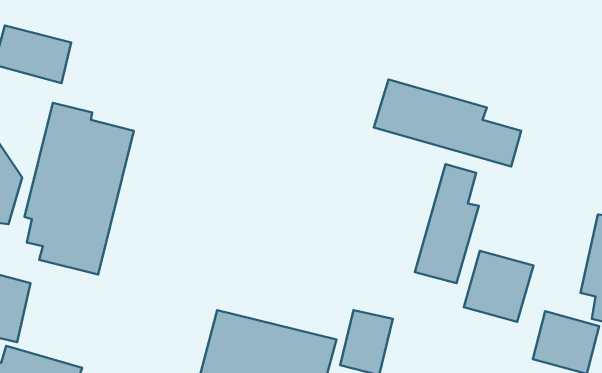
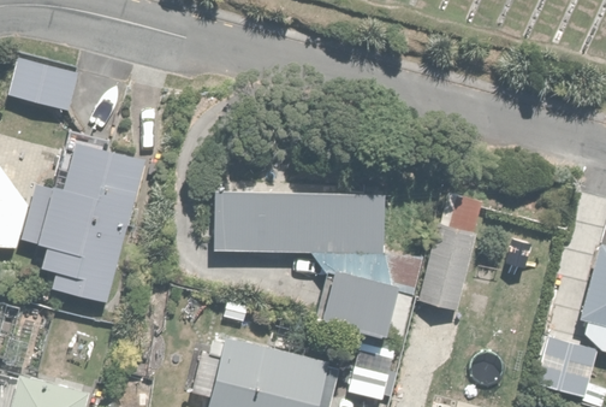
building: [374,80,521,166] -> none
building: none -> [210,194,422,341]
building: [464,251,533,322] -> none

